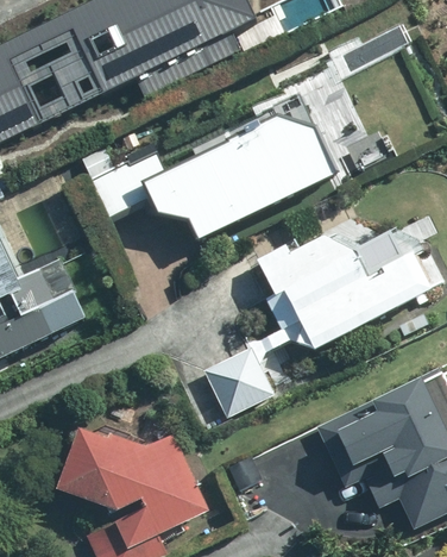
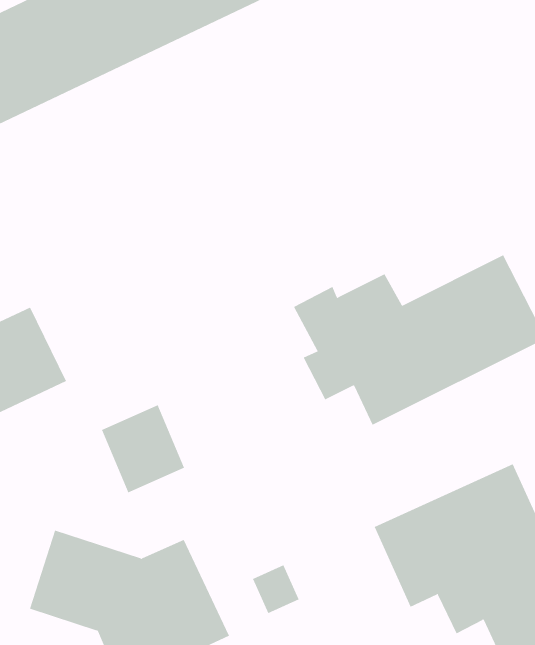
building: [126,98,334,254] -> none
building: [209,346,272,413] -> [101,404,185,493]

